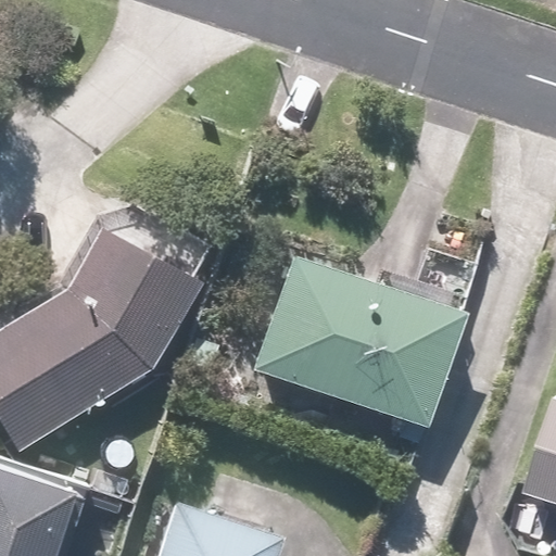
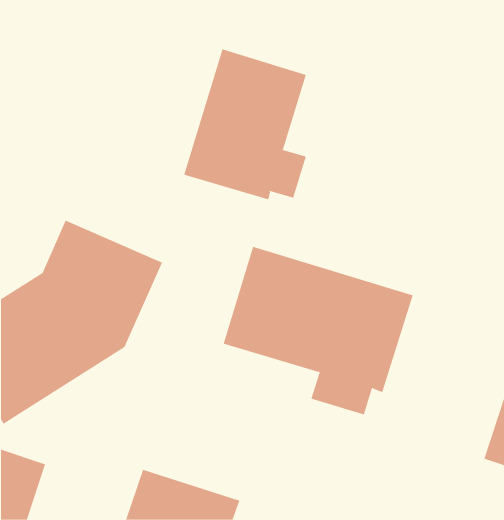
building: none -> [184,49,307,200]

